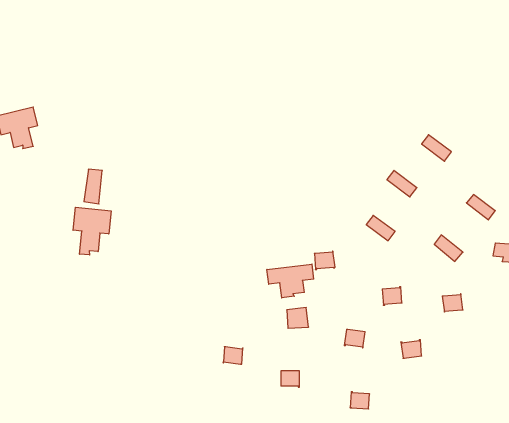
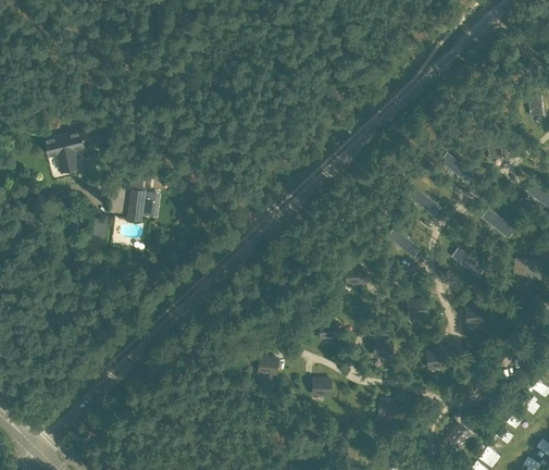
building: [73,207,111,255] -> none
building: [267,264,314,298] -> none

